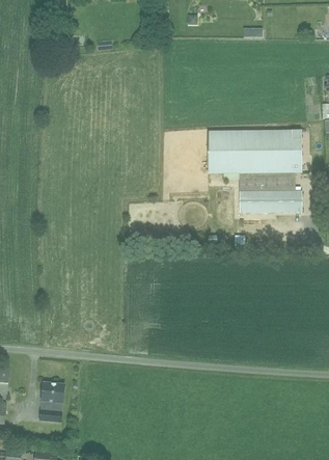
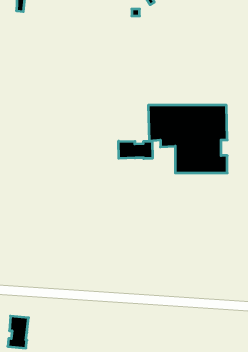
building: none -> [119,141,152,159]

